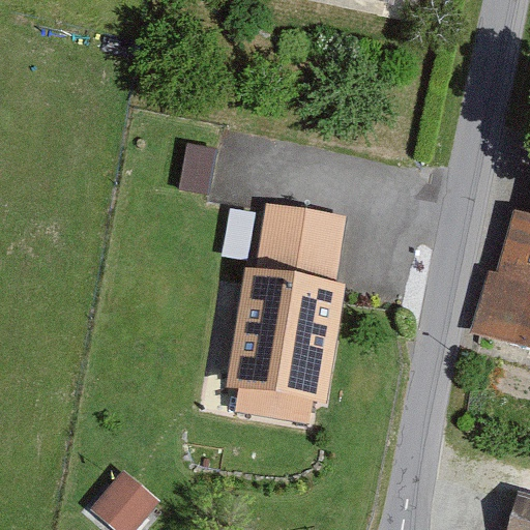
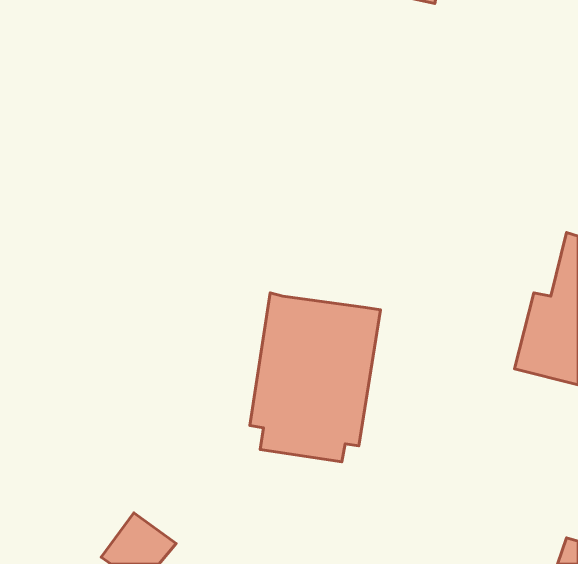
building: [258,204,343,281] -> none

